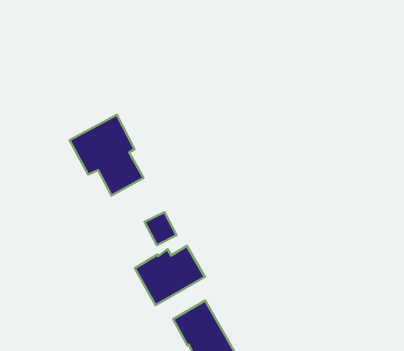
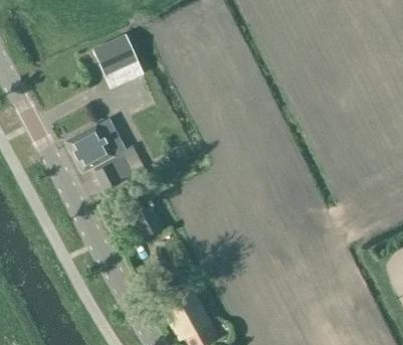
building: none -> [94,43,140,85]
building: [135,246,205,305] -> none

